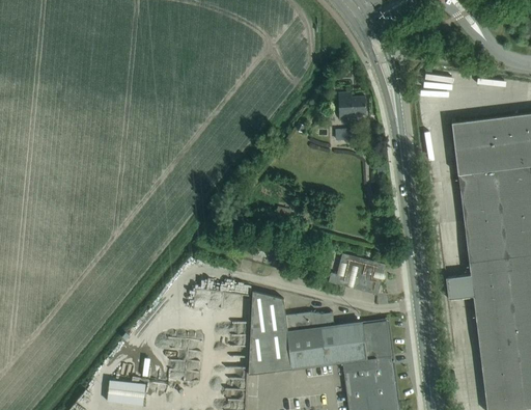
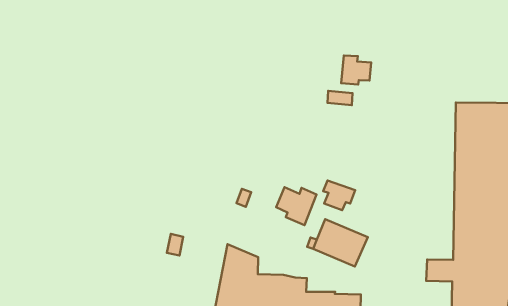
building: none -> [323,180,355,210]
building: none -> [276,187,317,225]

